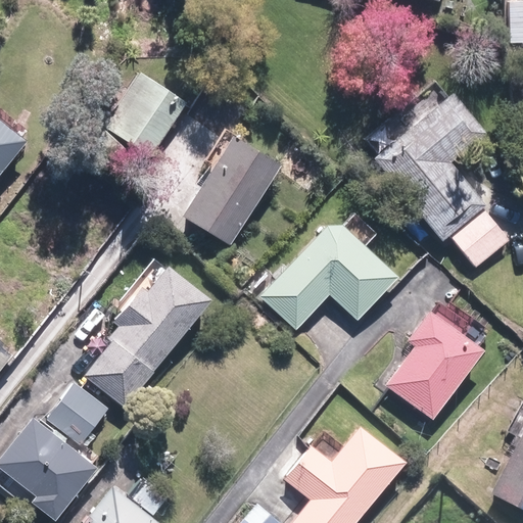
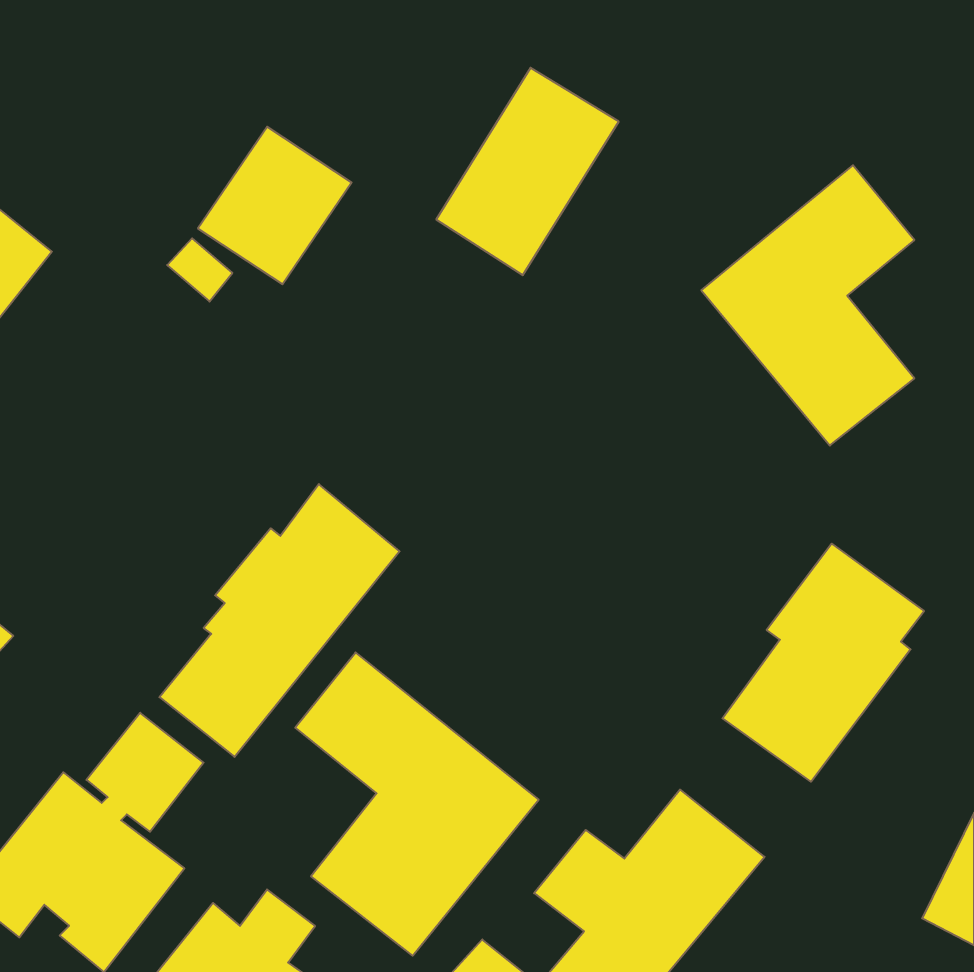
building: [184,136,281,246] -> [436,68,619,275]
building: [450,211,509,270] -> none
building: [259,213,397,332] -> none
building: none -> [295,652,539,956]

